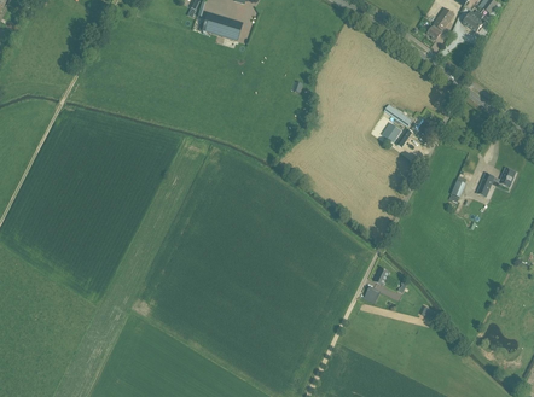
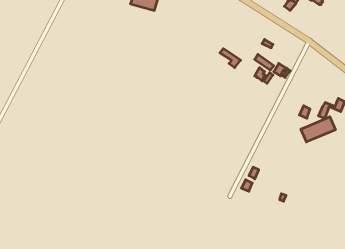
building: none -> [301,117,335,142]

